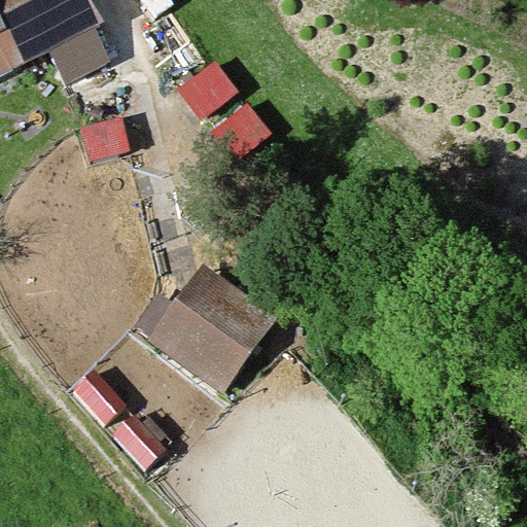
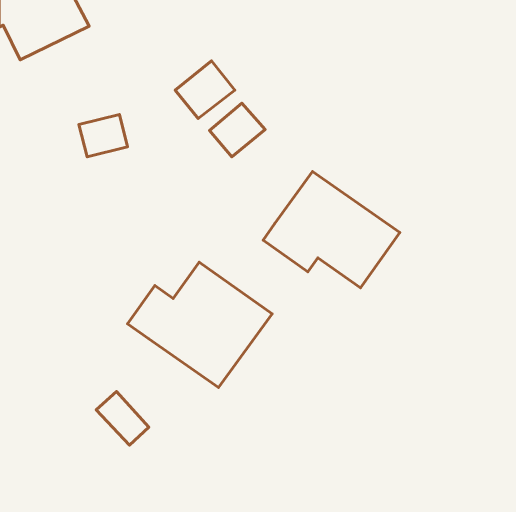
building: none -> [263,172,400,288]

